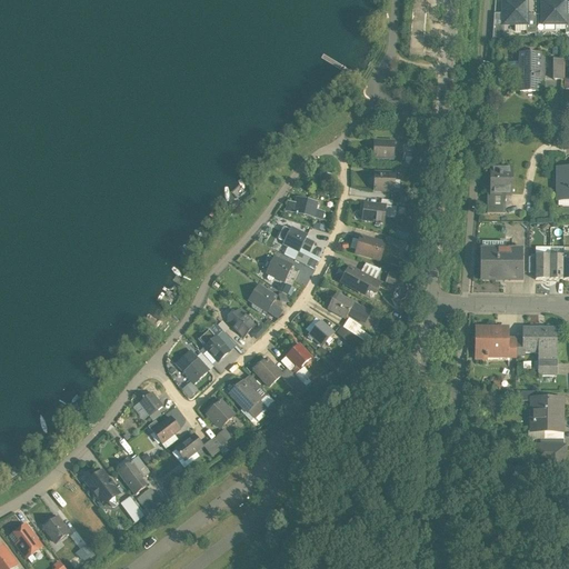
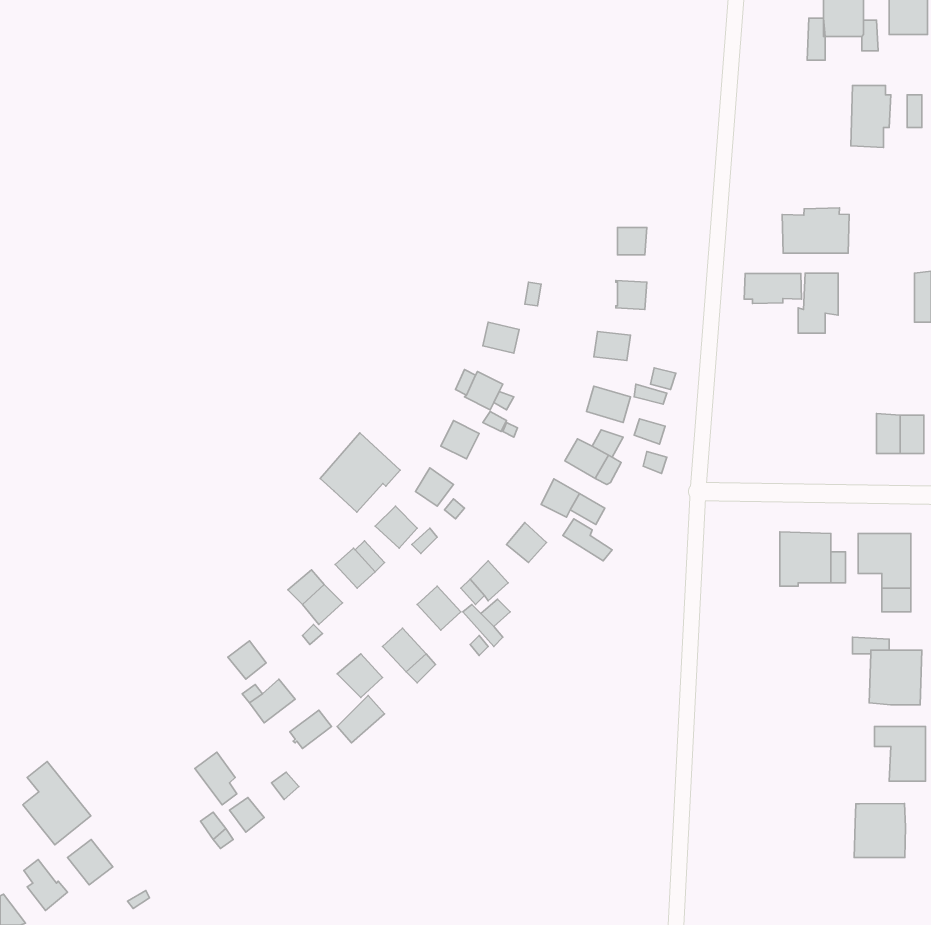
building: none -> [782,208,849,253]
building: none -> [744,273,801,304]
building: [481,247,521,277] -> none
building: none -> [320,433,400,512]
building: none -> [23,761,91,845]
building: [88,470,118,502] -> none
building: none -> [854,804,906,858]

